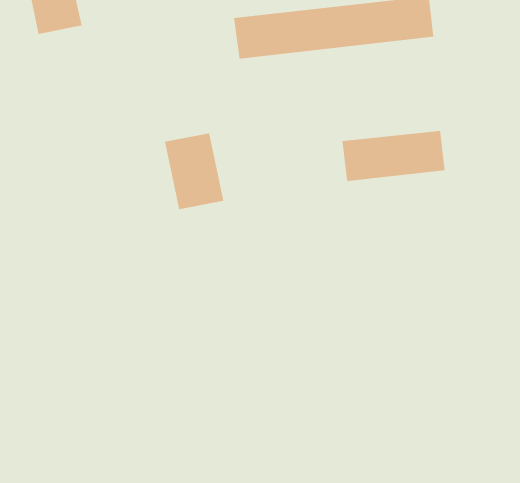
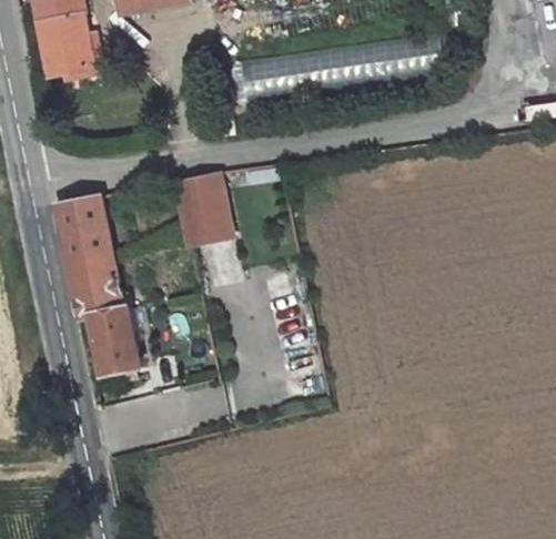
building: [342,130,445,182] -> none
building: none -> [55,196,139,373]

